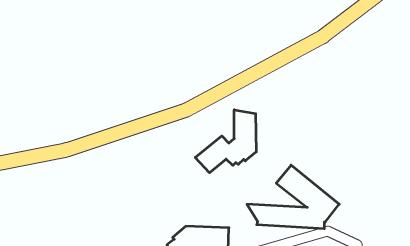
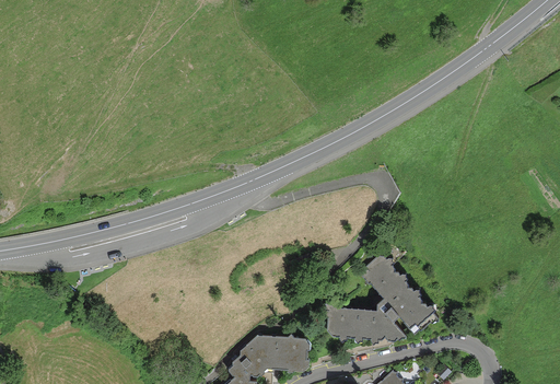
building: [195,110,256,173] -> none

